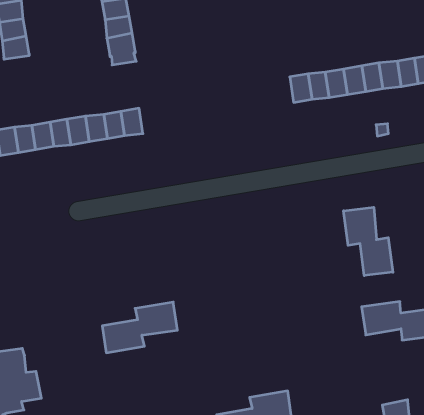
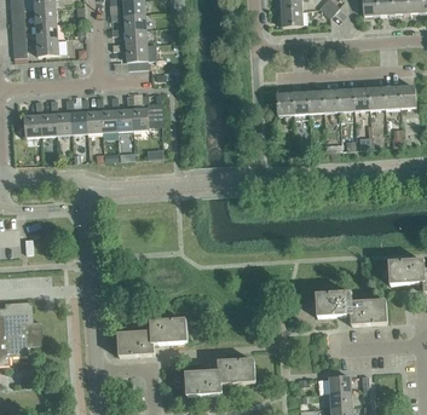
building: [344,207,393,276] -> none
building: [102,302,177,353] -> [120,317,183,355]

